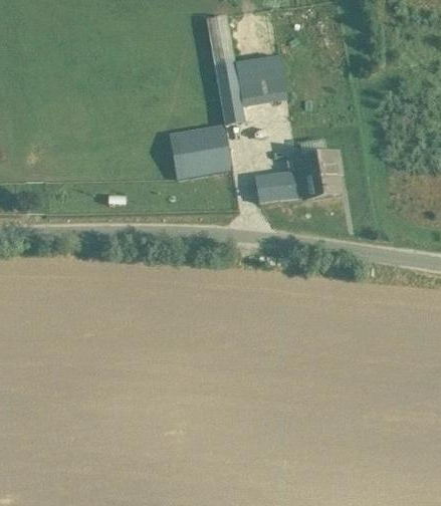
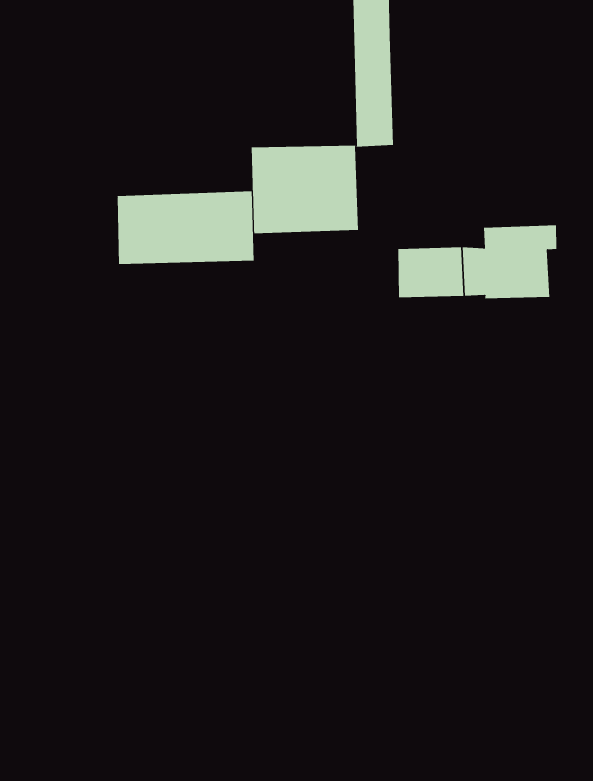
building: [235,55,285,98] -> none
building: none -> [117,191,254,265]

